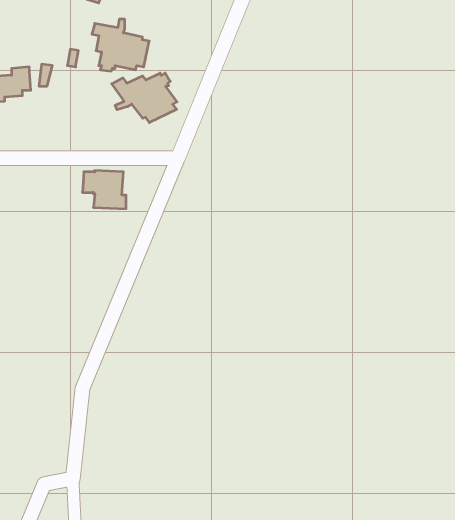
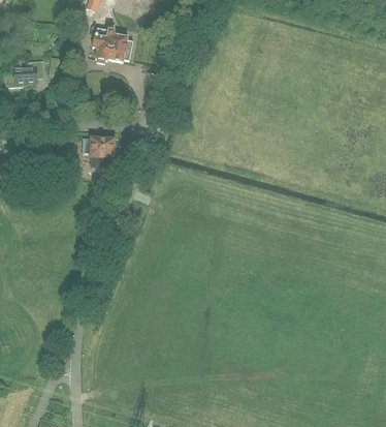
building: [112,73,177,123] -> none

